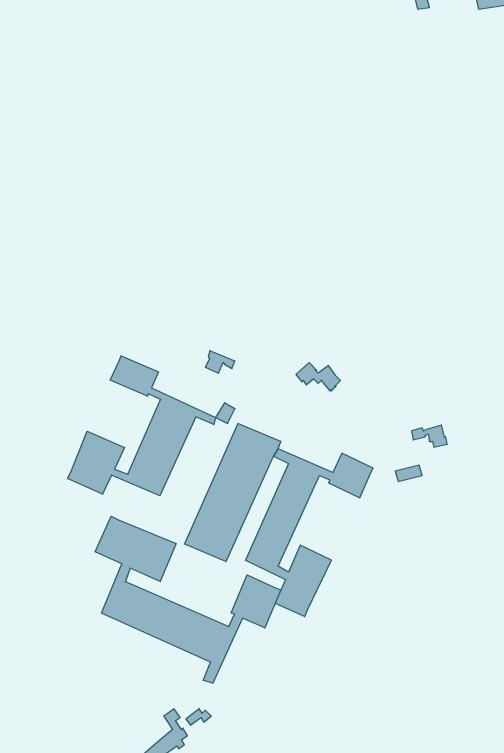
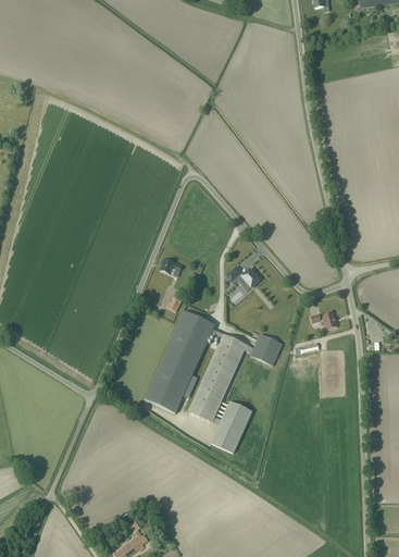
building: [68,356,216,496] -> none
building: [95,516,281,683] -> none

